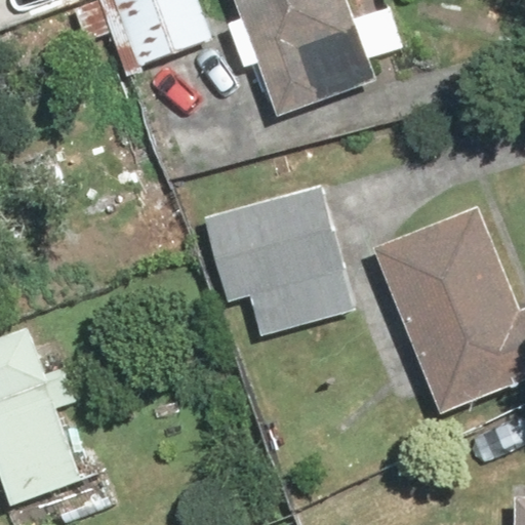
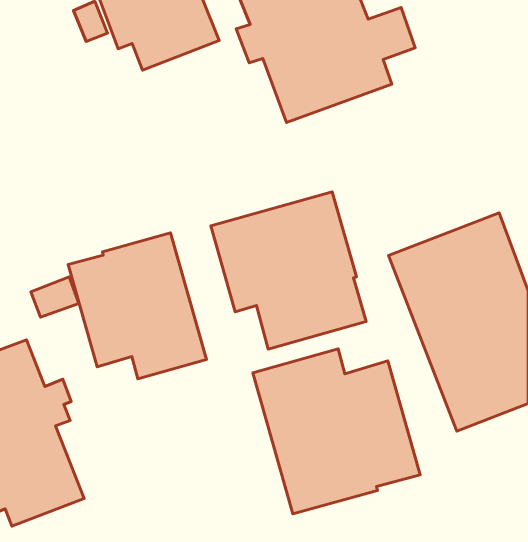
building: none -> [68,233,207,379]
building: none -> [253,349,420,514]

